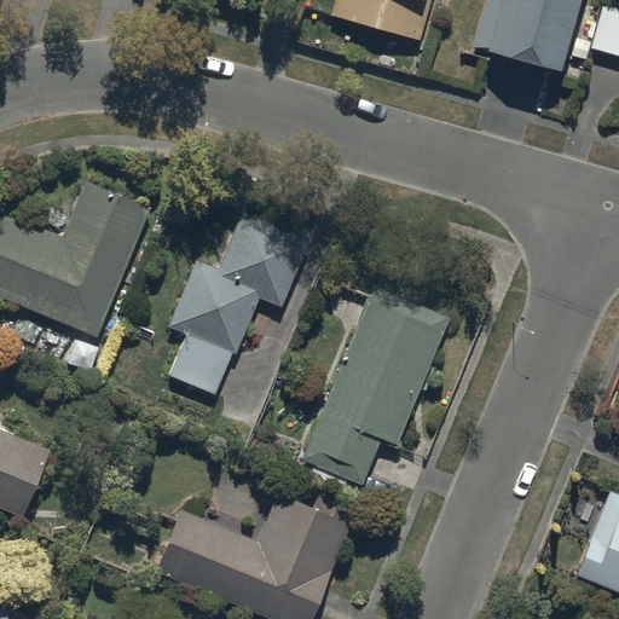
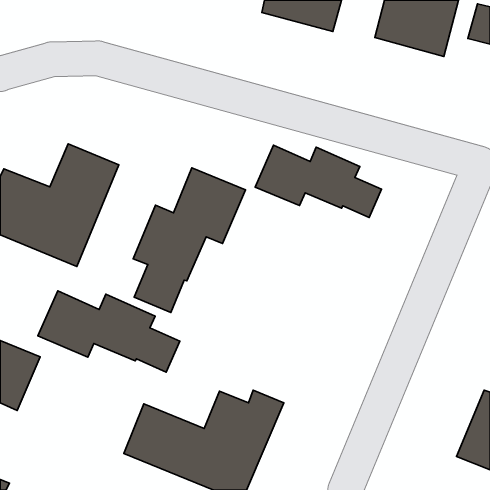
building: none -> [255,145,382,218]
building: [301,287,450,485] -> none
building: none -> [38,291,180,372]

